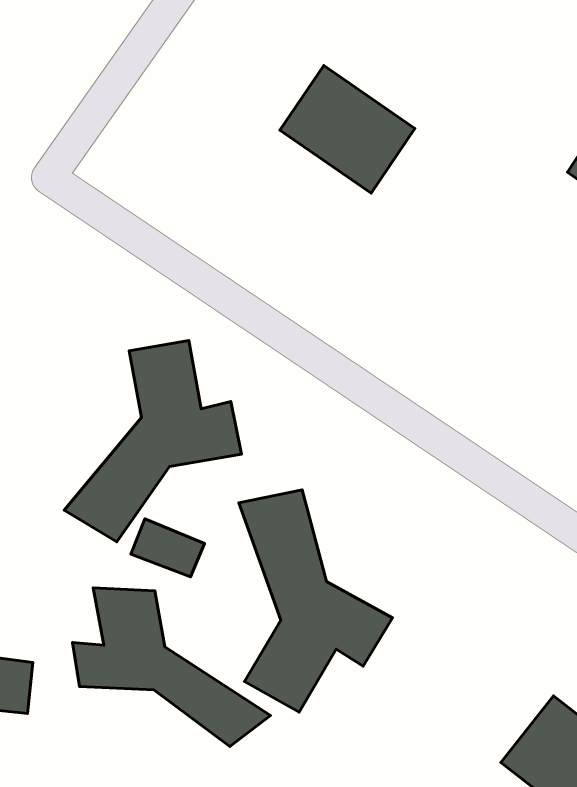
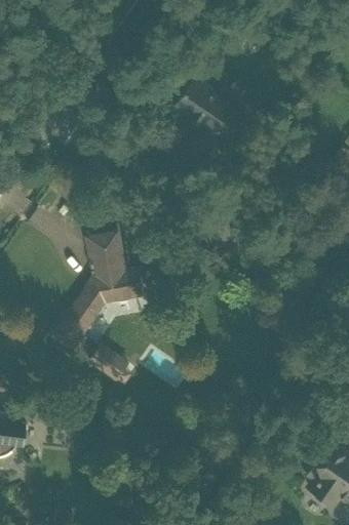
building: [239,490,393,712] -> none
building: [73,588,271,747] -> none

